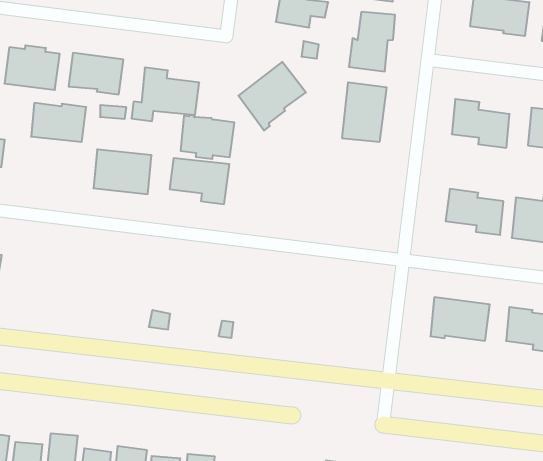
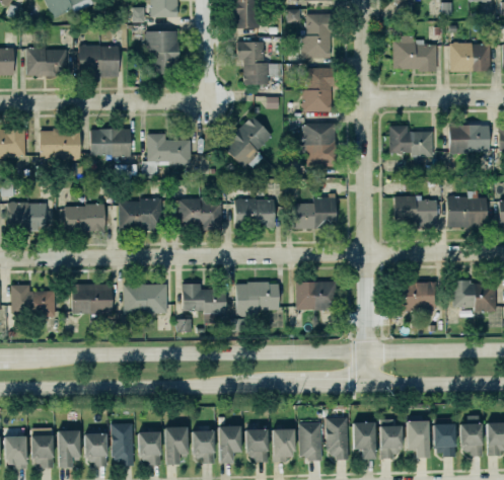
building: [31,103,86,142] -> [63,204,103,232]
building: [181,115,234,159] -> [233,197,273,229]
building: none -> [292,195,335,227]
building: none -> [70,283,111,313]
building: none -> [123,284,166,313]
building: none -> [182,284,225,313]
building: none -> [235,282,279,316]
building: none -> [295,281,335,309]

